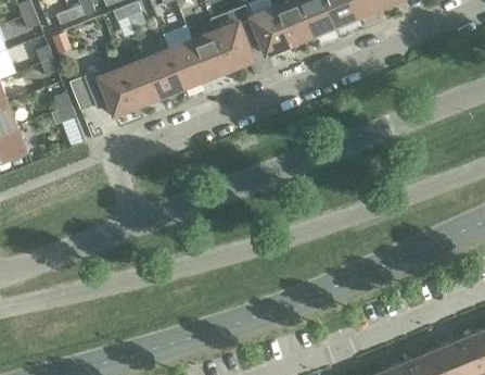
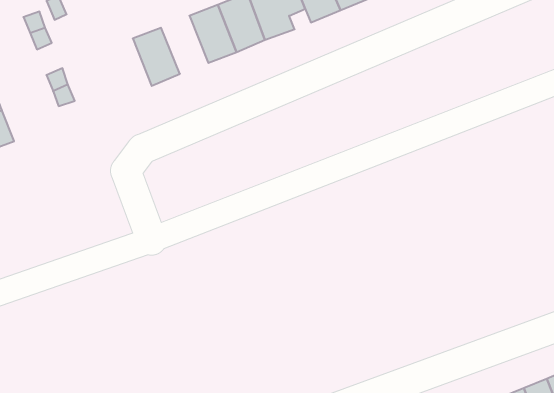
building: [145,49,183,96] -> none
building: [84,67,138,114] -> none

